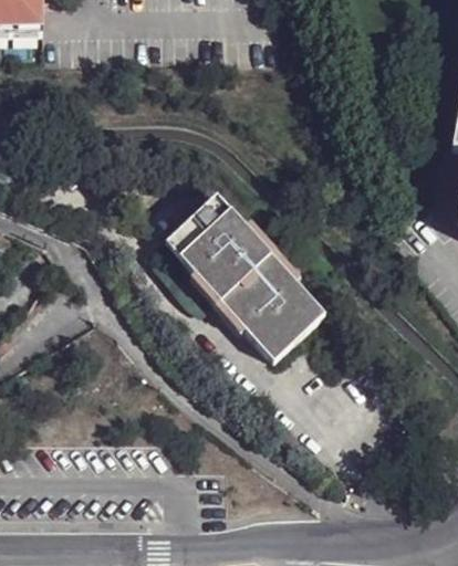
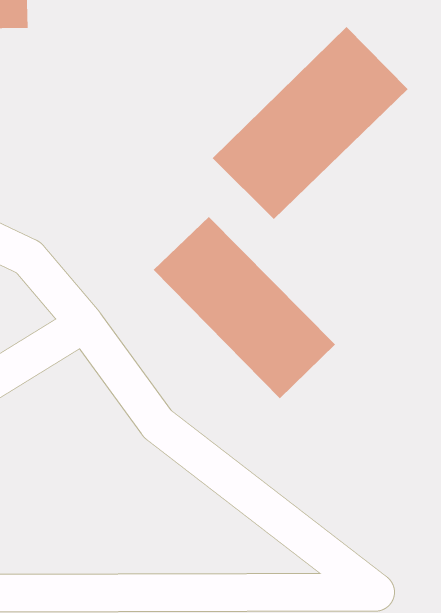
building: none -> [212,26,408,220]

